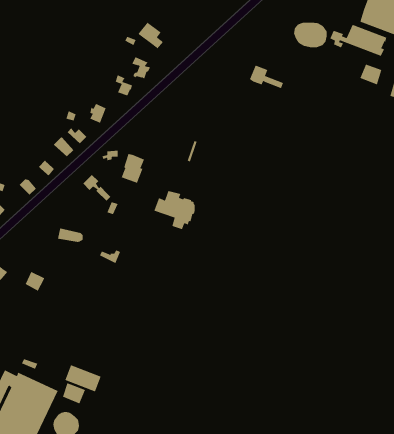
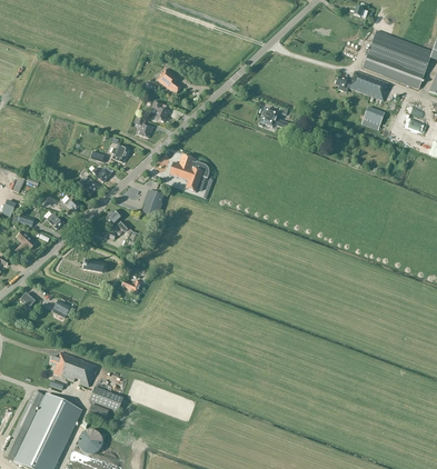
building: [293,22,327,48] -> none
building: [154,190,196,230] -> [169,154,208,191]
building: none -> [50,351,97,387]

